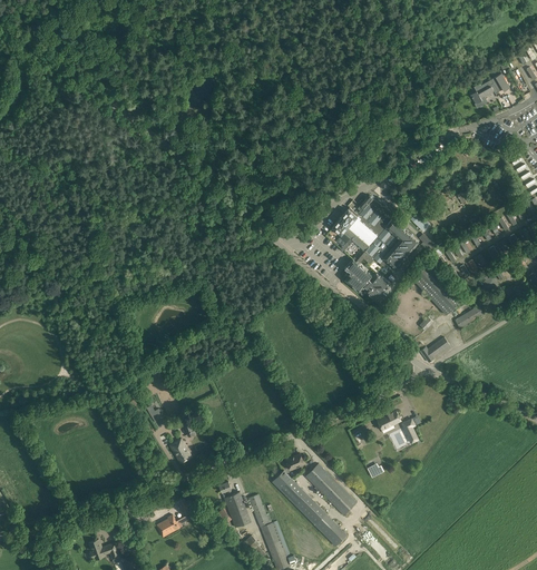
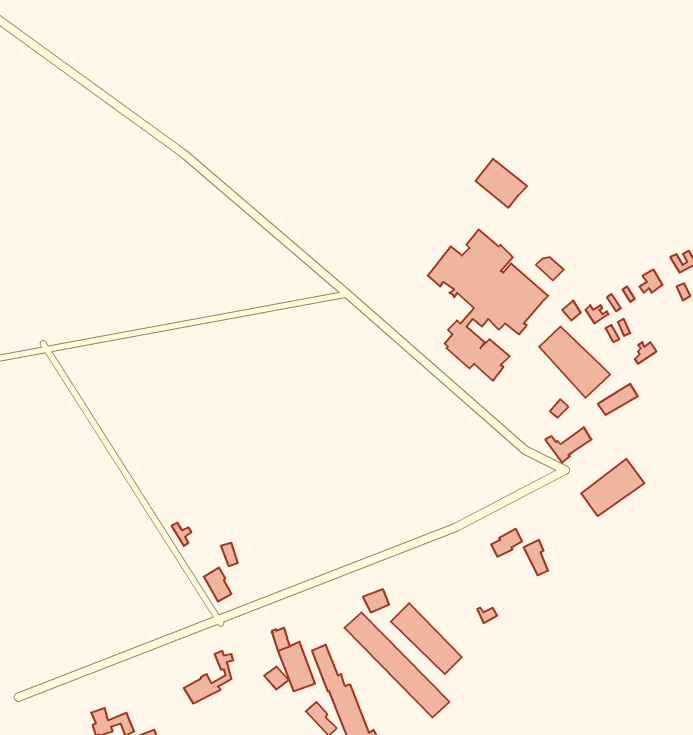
building: [470,73,510,105] -> none
building: none -> [476,159,527,208]
building: none -> [581,459,644,516]

